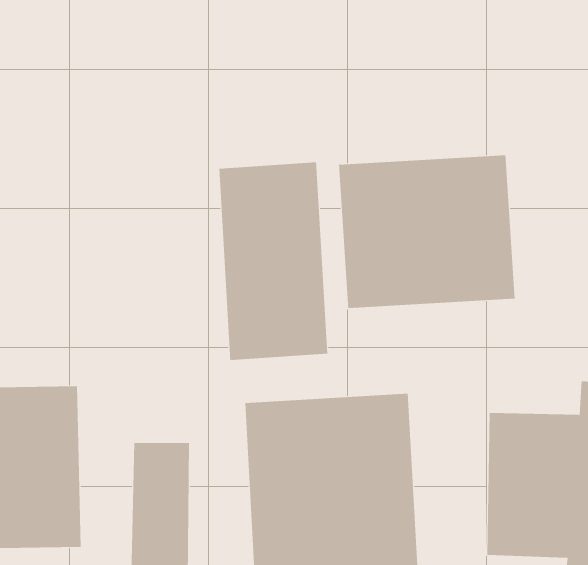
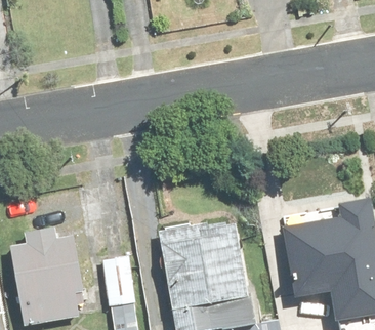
building: [339,154,515,309] -> none
building: [219,162,328,361] -> none

